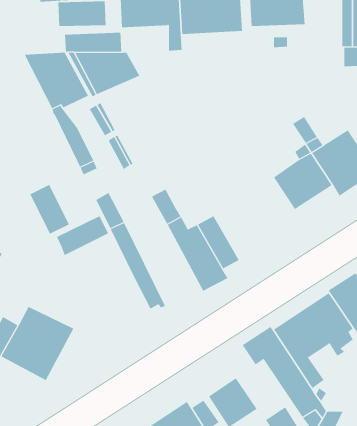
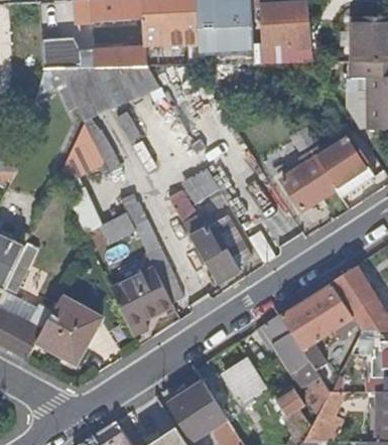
building: none -> [39,42,94,69]
building: none -> [58,123,104,184]
building: none -> [179,167,220,205]
building: none -> [113,272,172,336]

